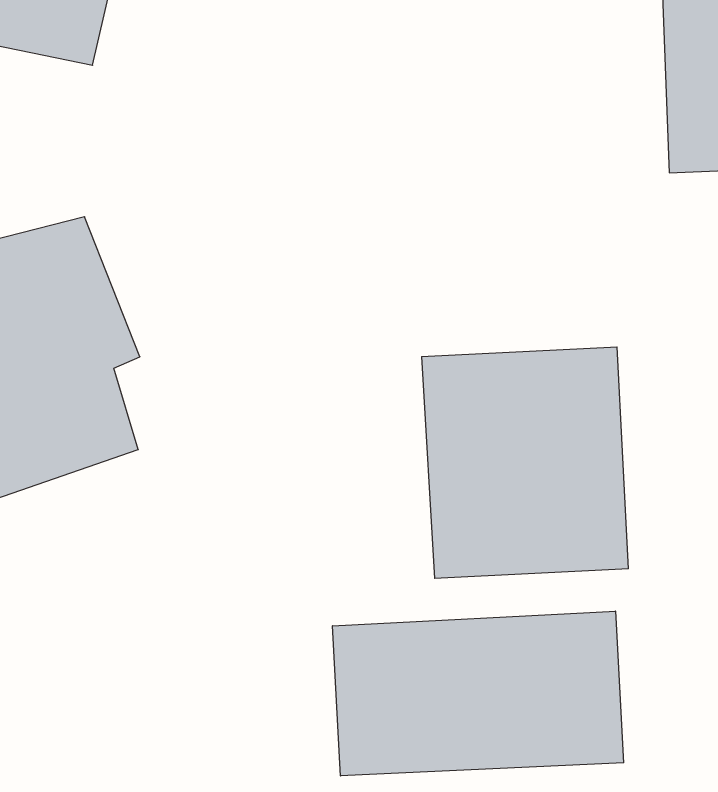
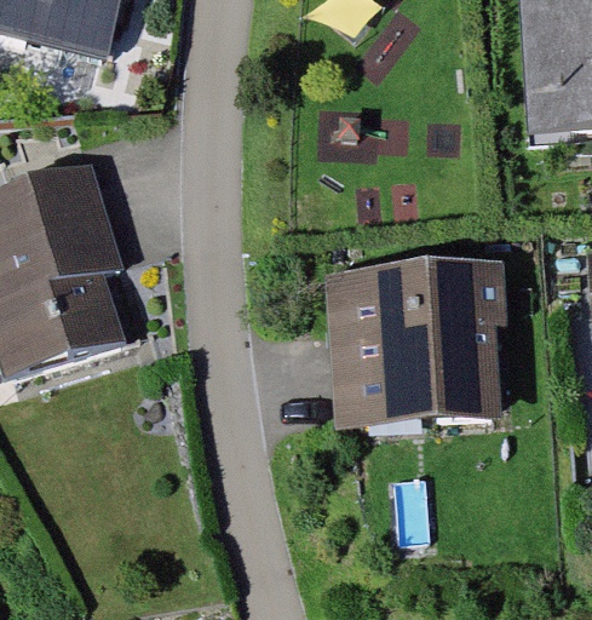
building: [333,611,624,776] -> none

